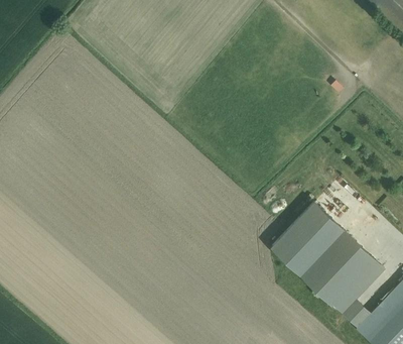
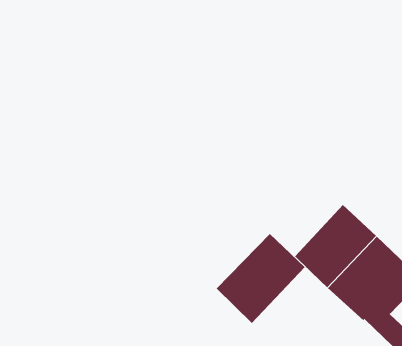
building: none -> [216,233,306,324]

